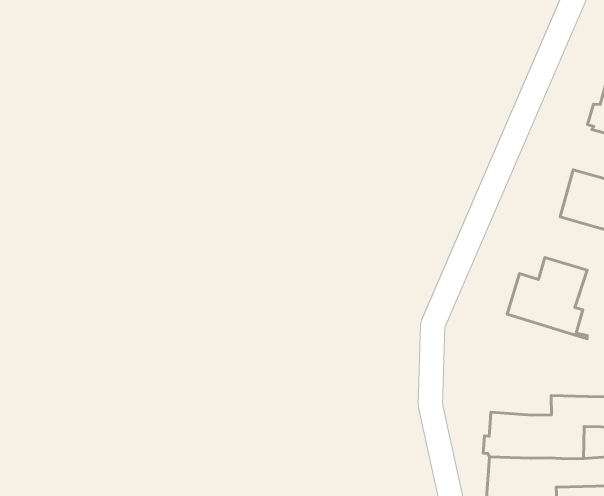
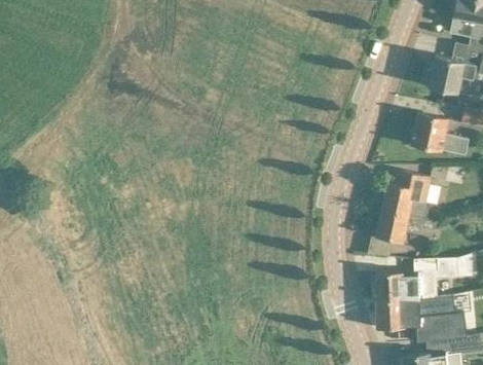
building: none -> [376,211,435,245]

